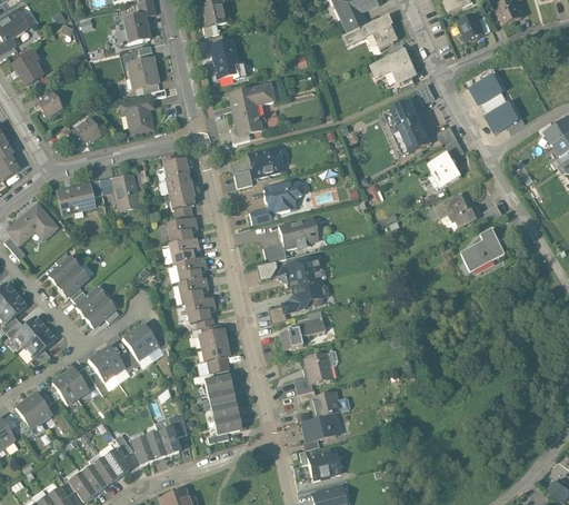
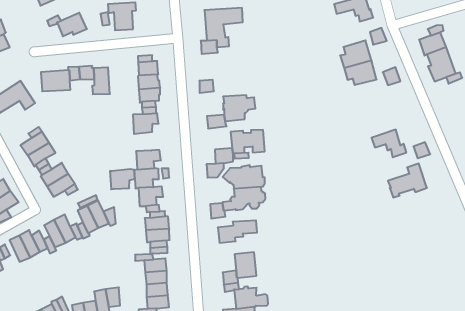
building: [249,147,282,176] -> none
building: [427,151,460,188] -> none
building: [169,238,198,264] -> [110,169,135,189]

